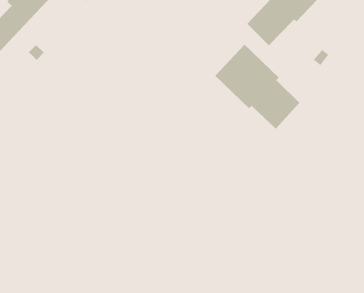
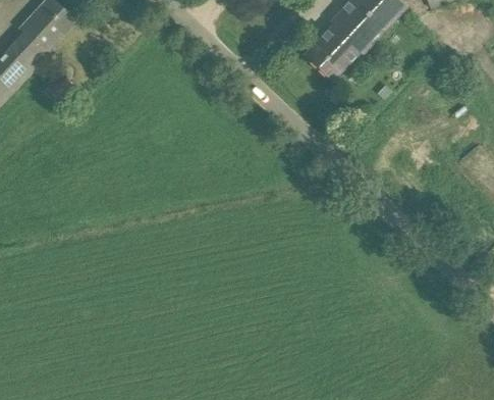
building: [214,44,300,130] -> none

